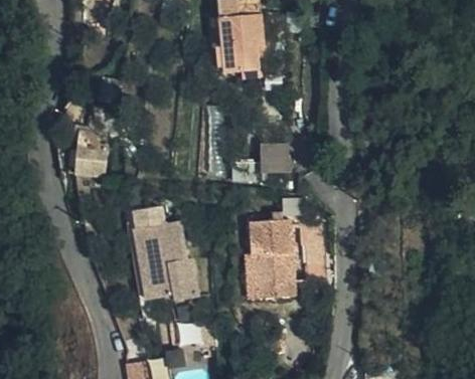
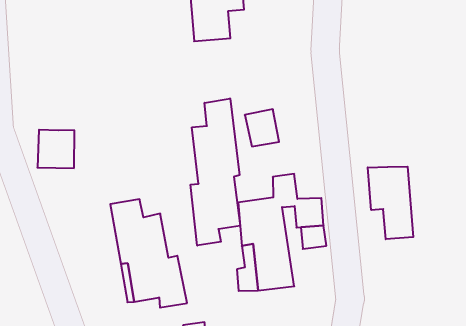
building: none -> [191,98,240,246]
building: none -> [368,167,413,239]

